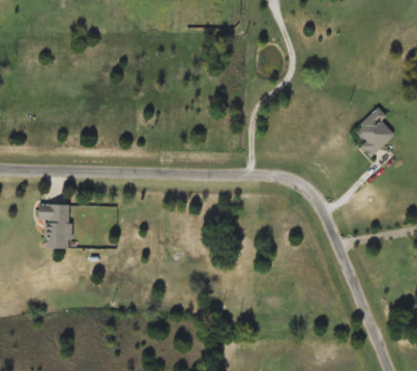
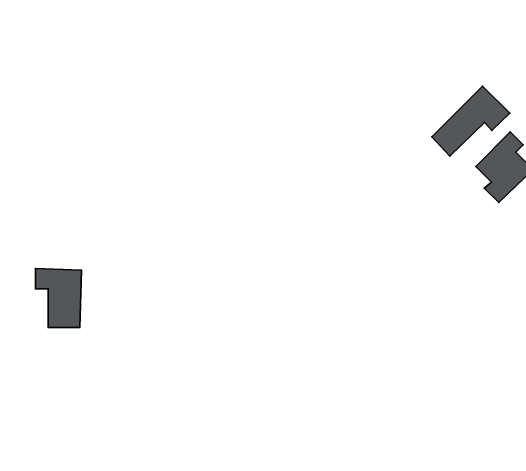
building: none -> [432,86,510,156]

